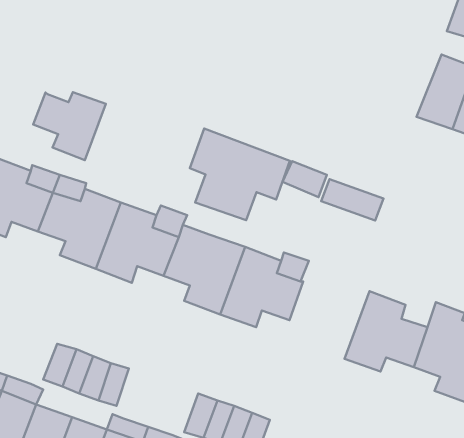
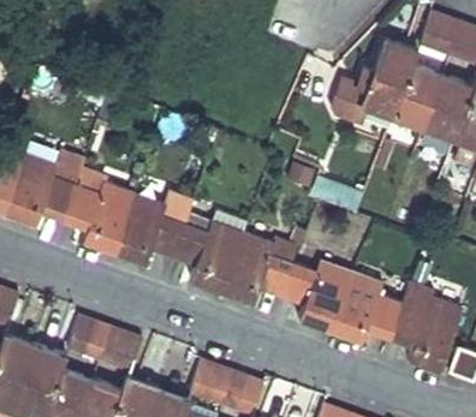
building: none -> [332,41,418,124]
building: [33,92,106,160] -> none
building: [190,128,290,220] -> none
building: none -> [281,260,351,330]

